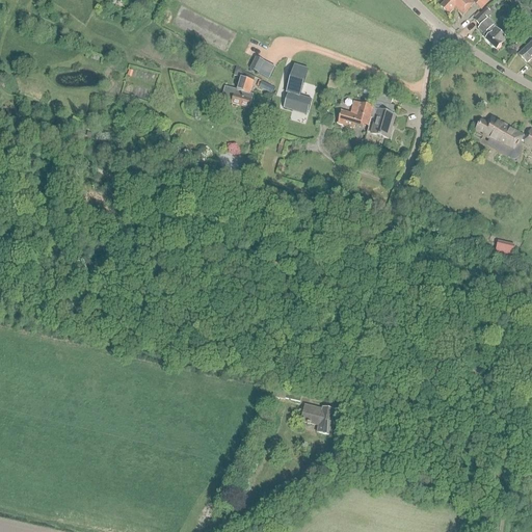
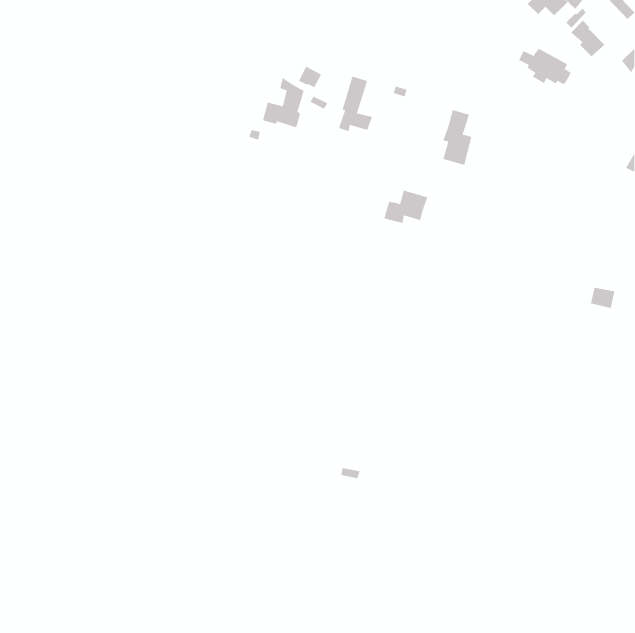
building: [337,100,374,128] -> [383,190,428,223]
building: [476,117,521,149] -> [518,48,572,85]
building: [300,403,332,434] -> none

